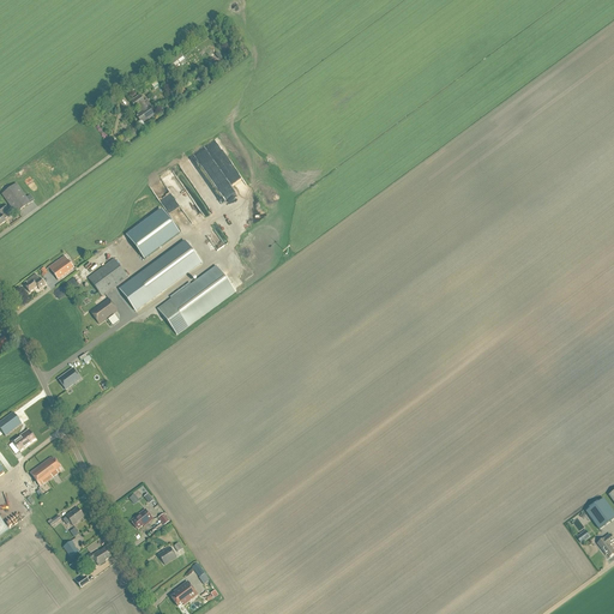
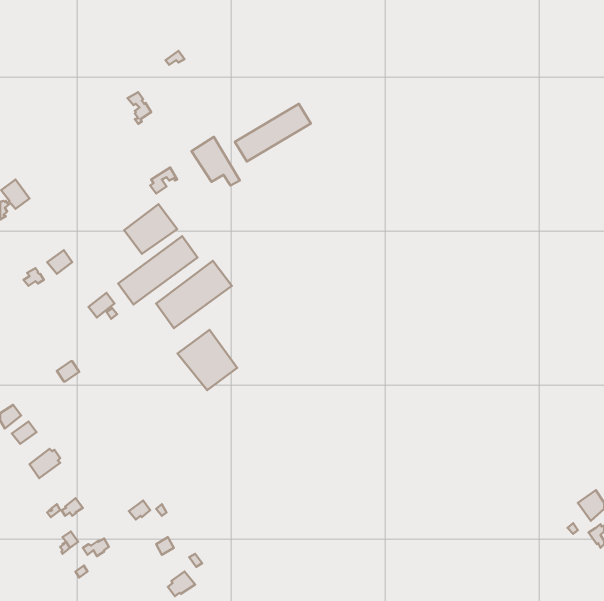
building: none -> [235,104,311,162]
building: [88,257,128,295] -> none
building: none -> [178,330,237,390]

